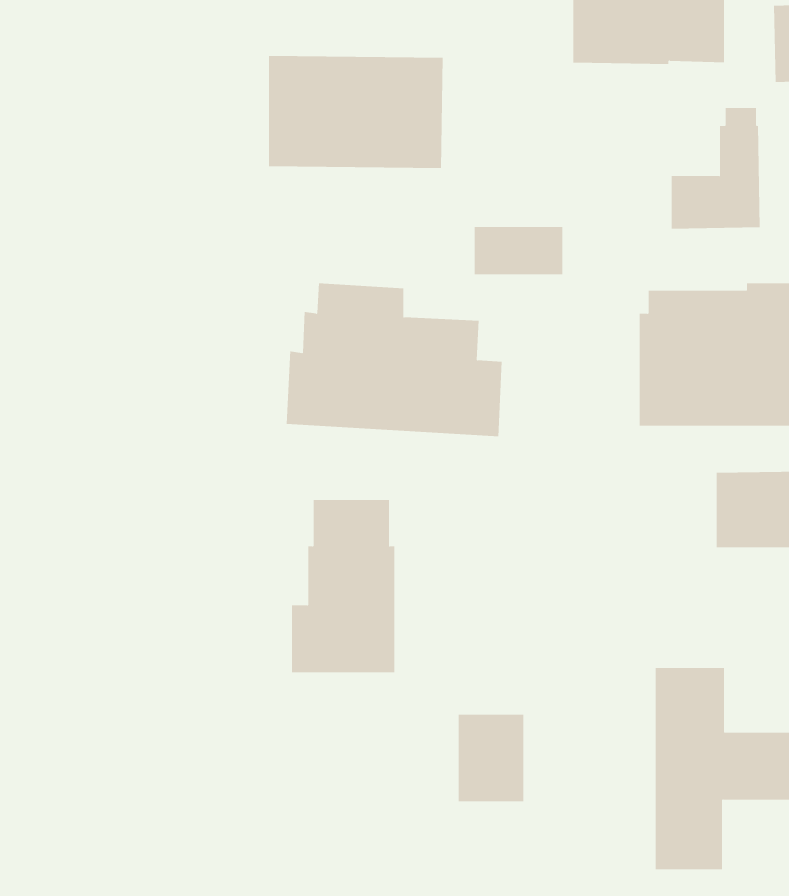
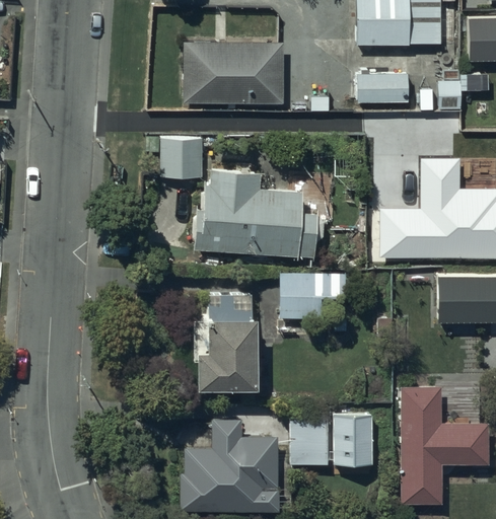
building: none -> [161,137,202,178]
building: [474,226,563,275] -> [358,75,409,102]
building: none -> [281,274,345,319]
building: none -> [334,413,372,466]
building: none -> [181,420,278,511]

